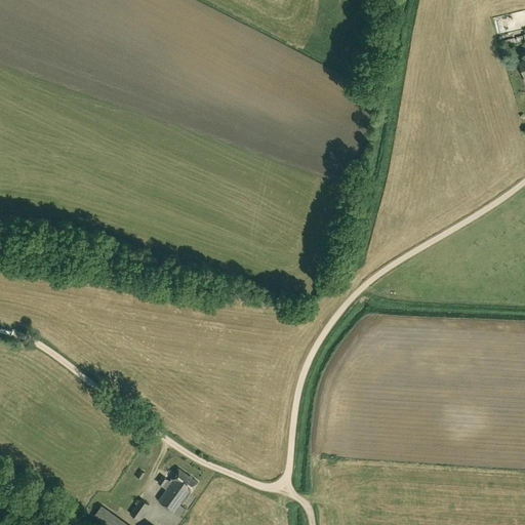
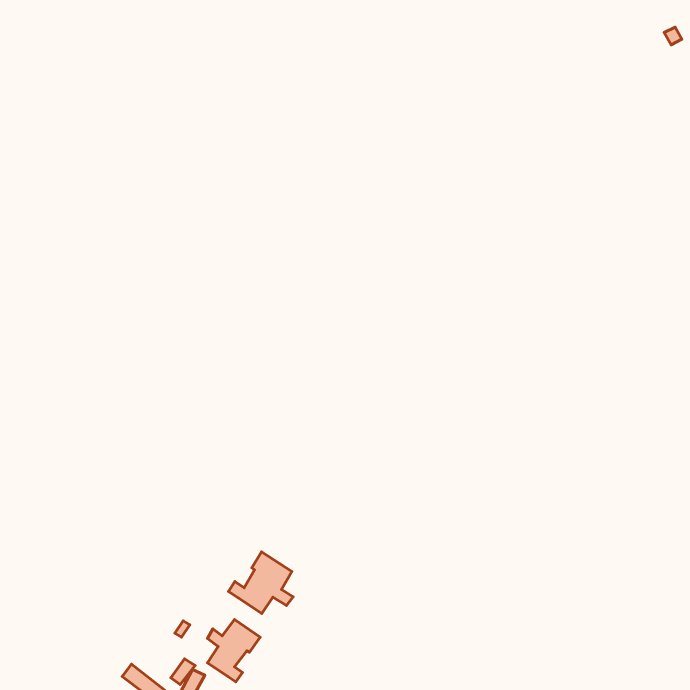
building: none -> [229,552,293,614]

